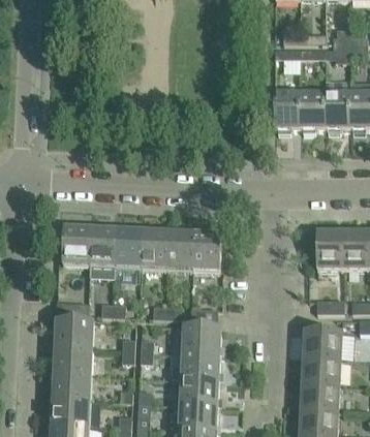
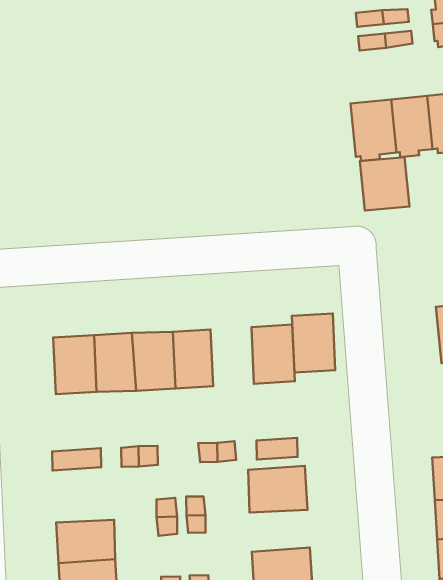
building: none -> [360,157,410,210]
building: [165,231,194,270] -> [292,313,335,373]
building: [54,319,93,349] -> none
building: [171,353,219,380] -> none

